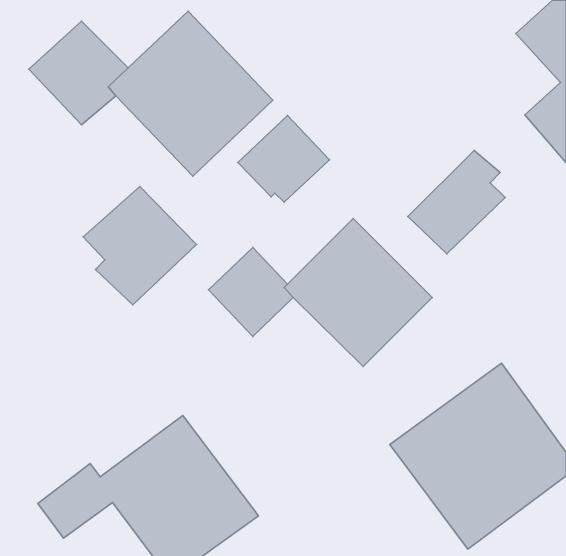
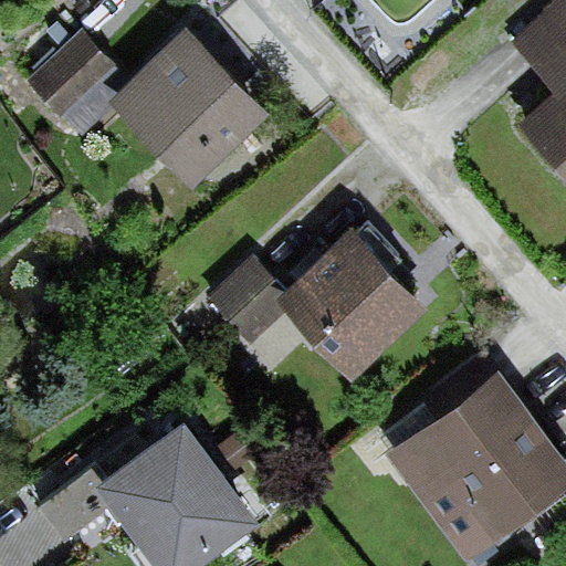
building: [238,116,329,202] -> none
building: [408,150,505,254] -> none
building: [83,186,196,305] -> none

